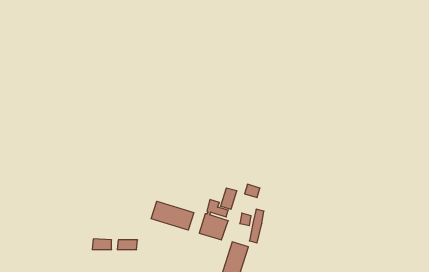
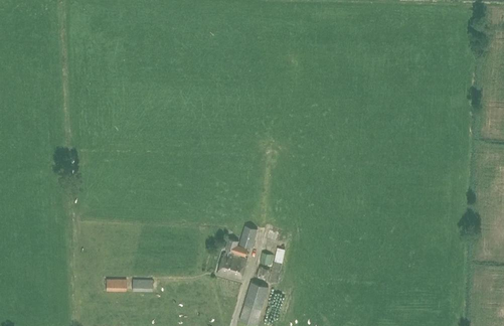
building: [151,201,194,230] -> none

